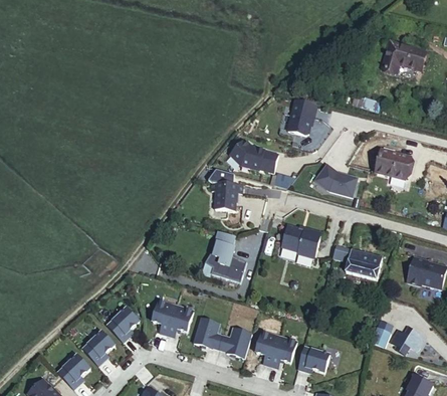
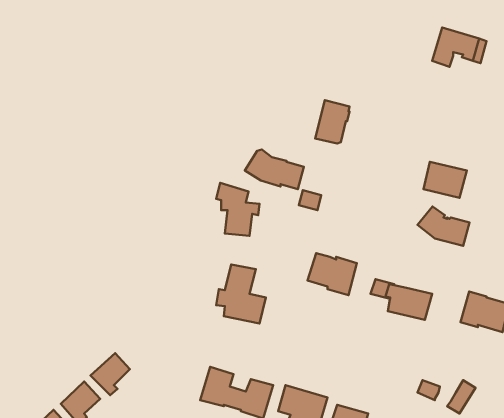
building: [314,165,357,197] -> [418,206,469,246]
building: [152,304,193,341] -> none

